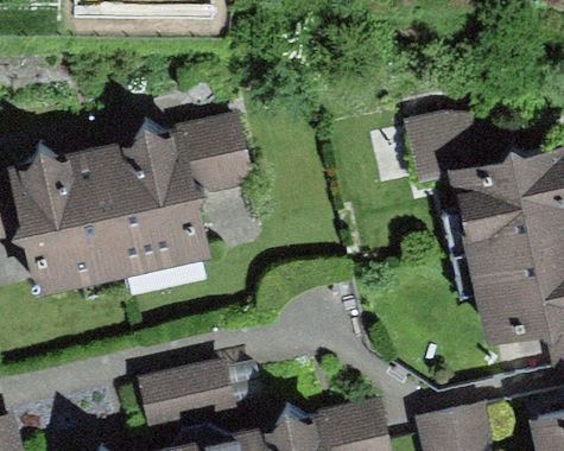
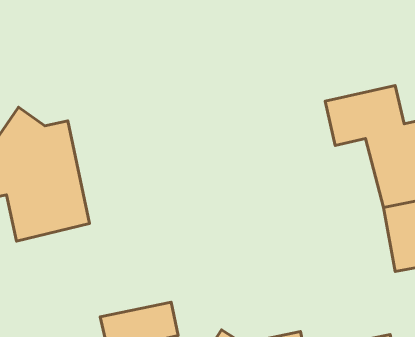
building: [101,117,252,273] -> none

